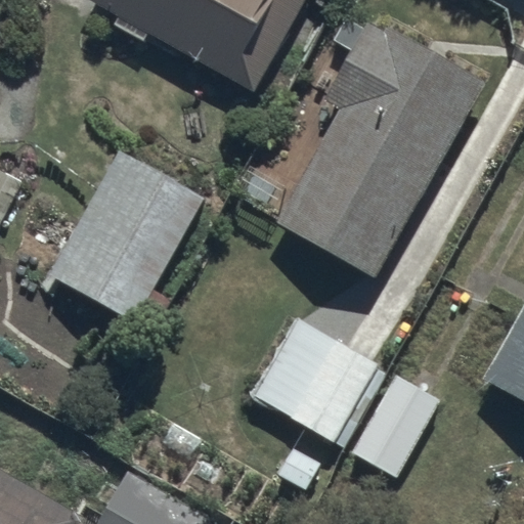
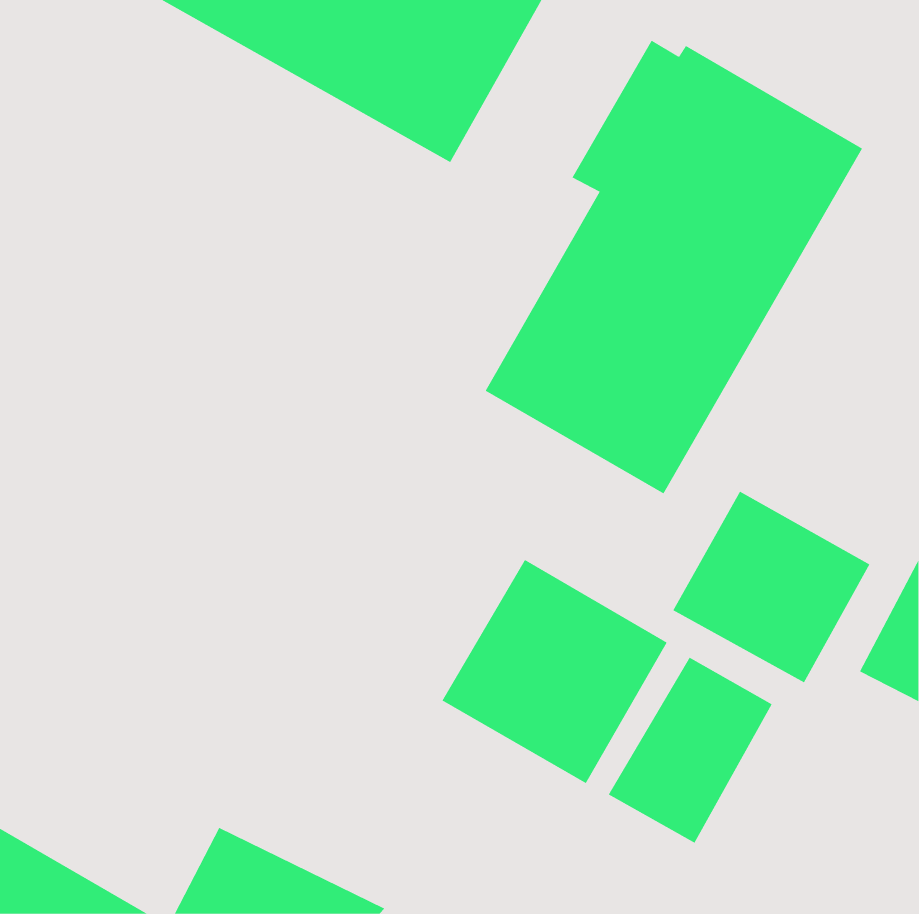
building: [48,150,204,325] -> none
building: none -> [672,491,870,683]

